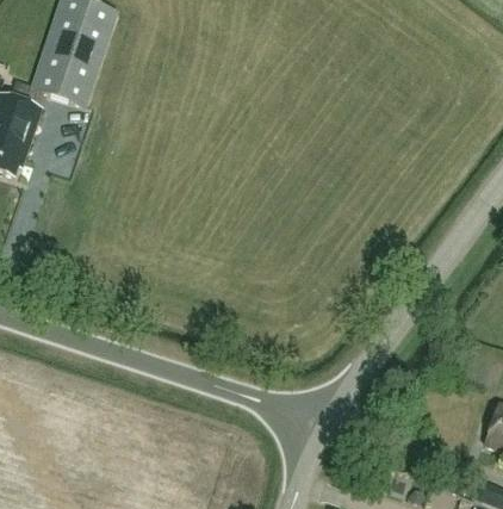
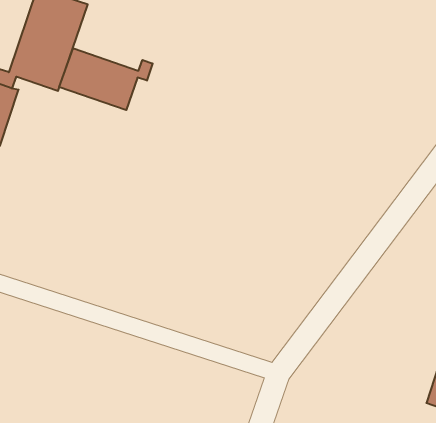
building: none -> [59,48,153,110]

